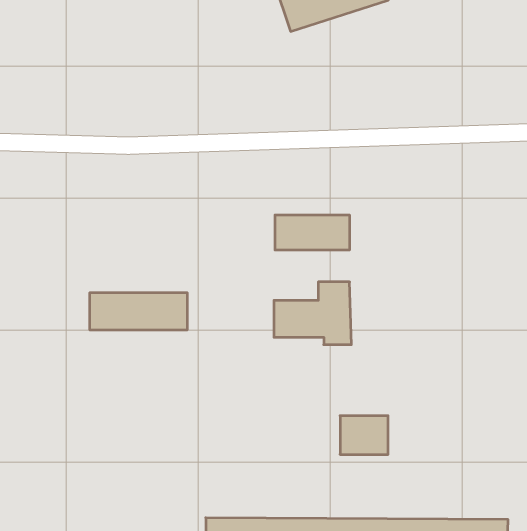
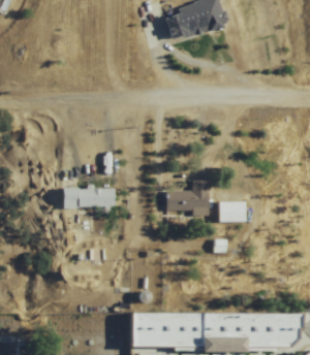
building: [275,215,349,250] -> none
building: [340,416,388,454] -> [218,201,245,223]

